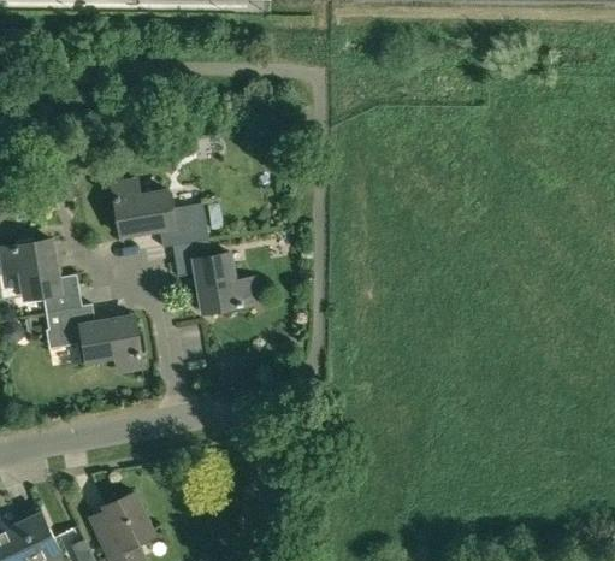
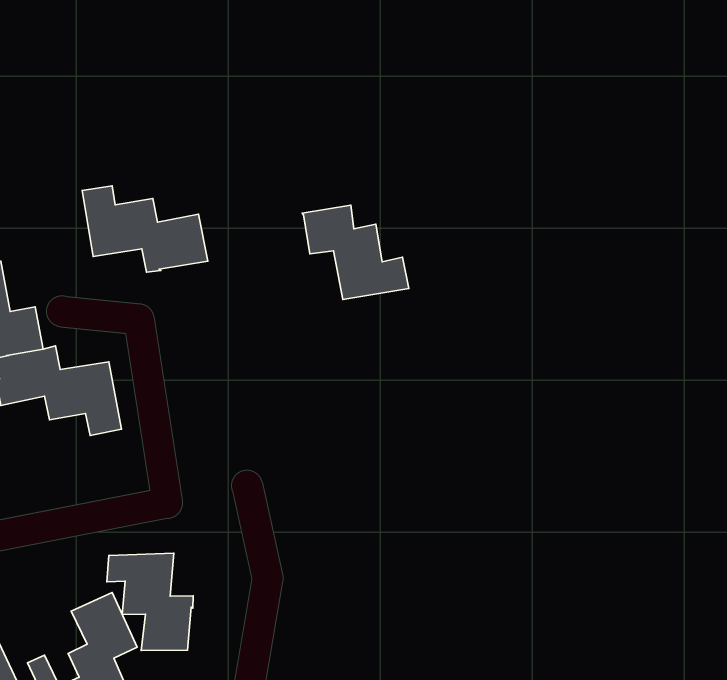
building: [171,238,253,311] -> [302,205,409,299]
building: none -> [107,553,193,651]

